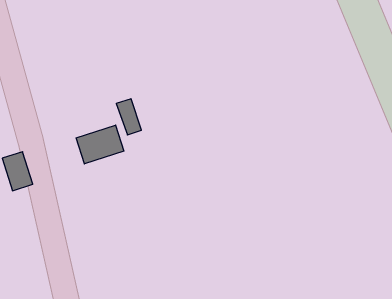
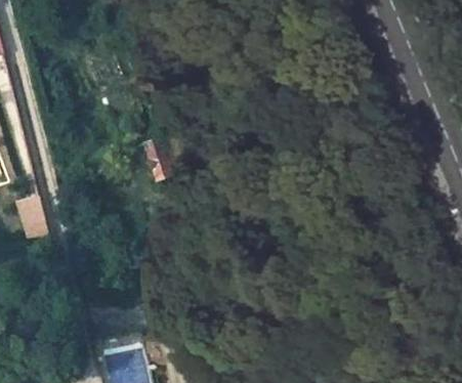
building: [76,125,124,164] -> none

